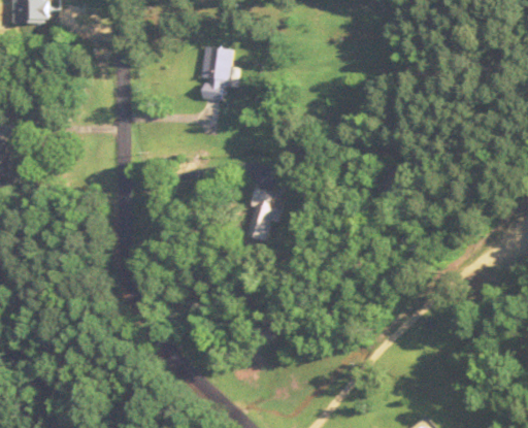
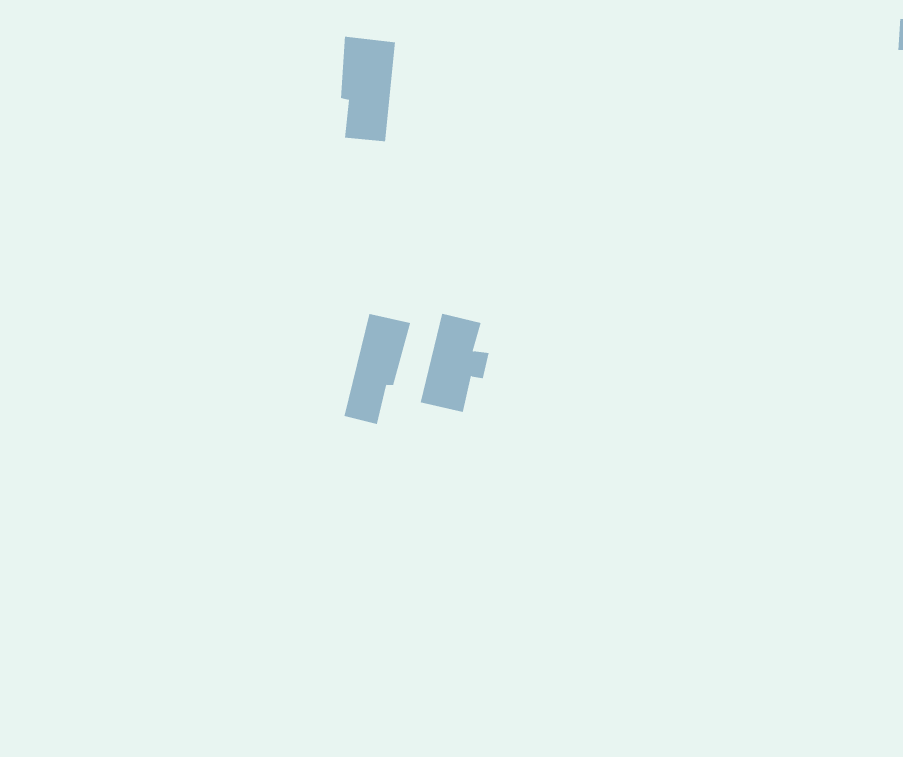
building: none -> [344,313,411,425]

